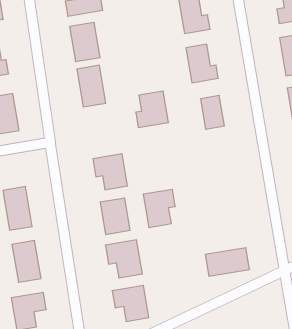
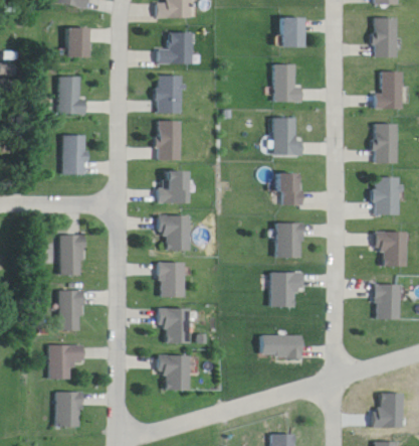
building: [136,91,169,127] -> [157,171,189,204]
building: none -> [274,224,299,259]
building: [143,189,175,227] -> [268,273,299,308]

